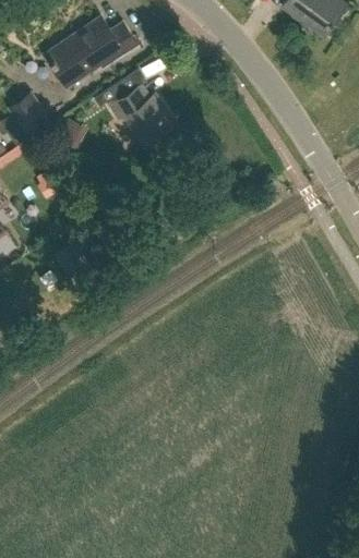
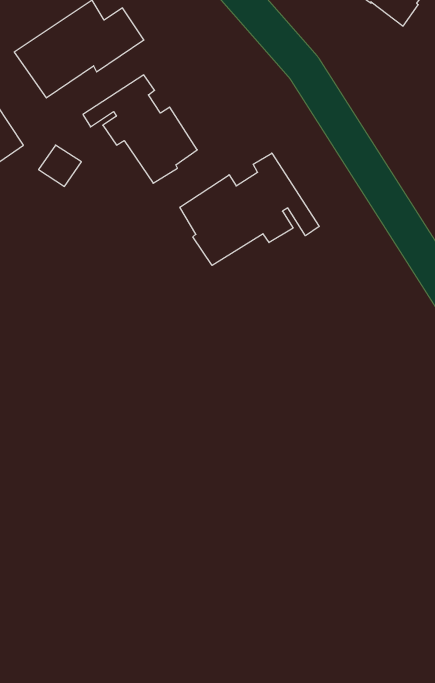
building: none -> [180,153,319,265]

